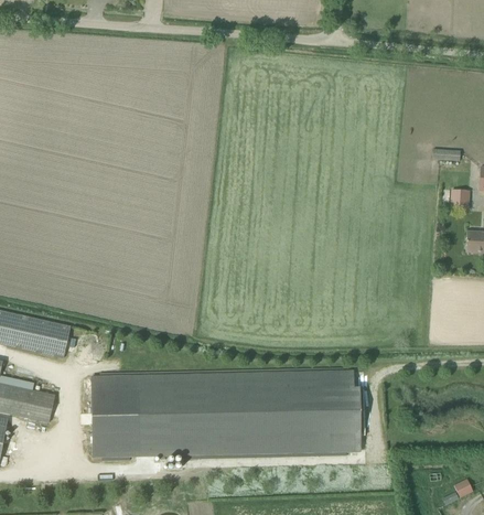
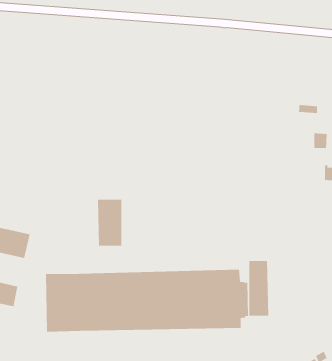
building: none -> [98,199,122,247]
building: none -> [249,260,269,317]

